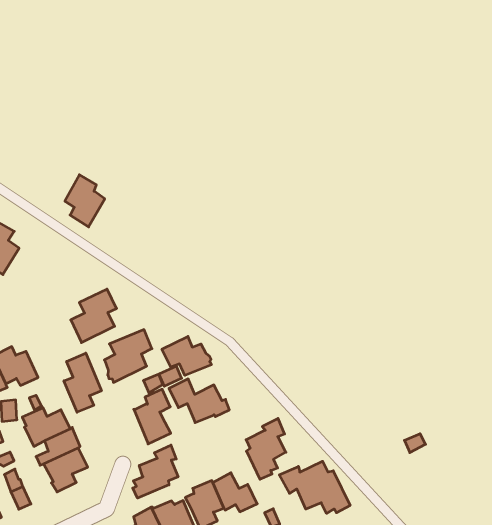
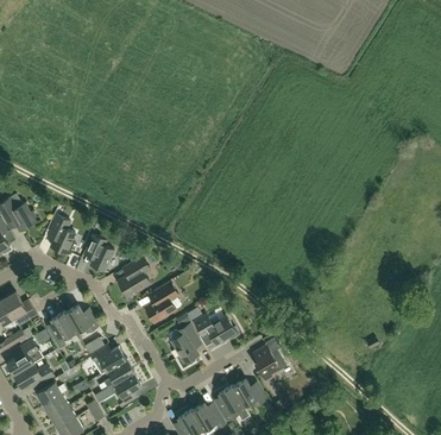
building: [65,175,105,227] -> [86,235,114,272]
building: [162,336,211,375] -> none
building: [64,353,101,412] -> none
building: [133,445,178,498] -> none
building: [279,461,350,513] -> none

